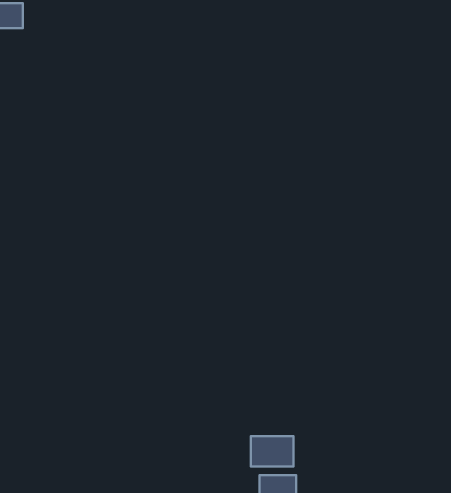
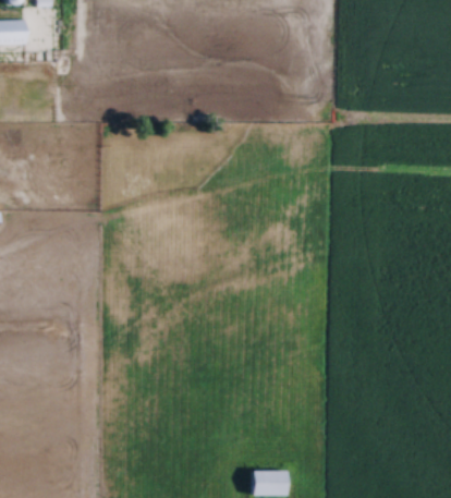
building: [251,436,294,466] -> none

